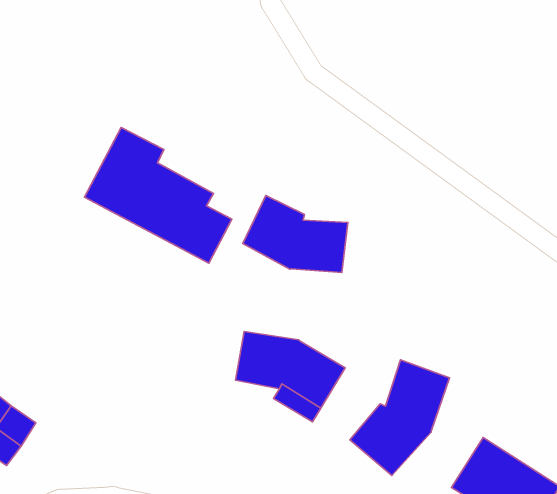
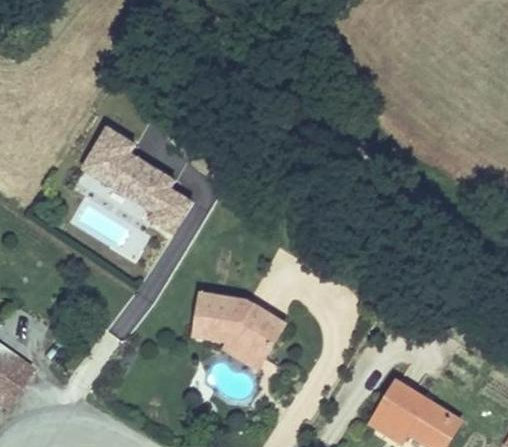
building: [243,195,348,272] -> none
building: [350,360,449,475] -> none

